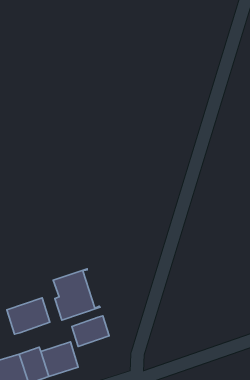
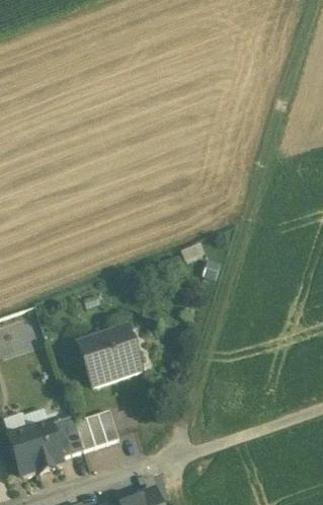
building: [7,298,50,334] -> none
building: [72,316,109,346] -> none

